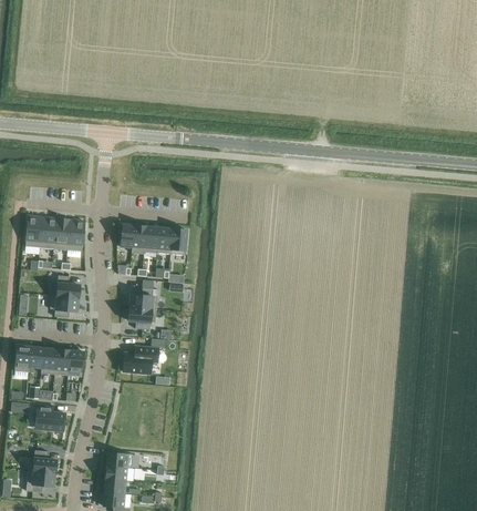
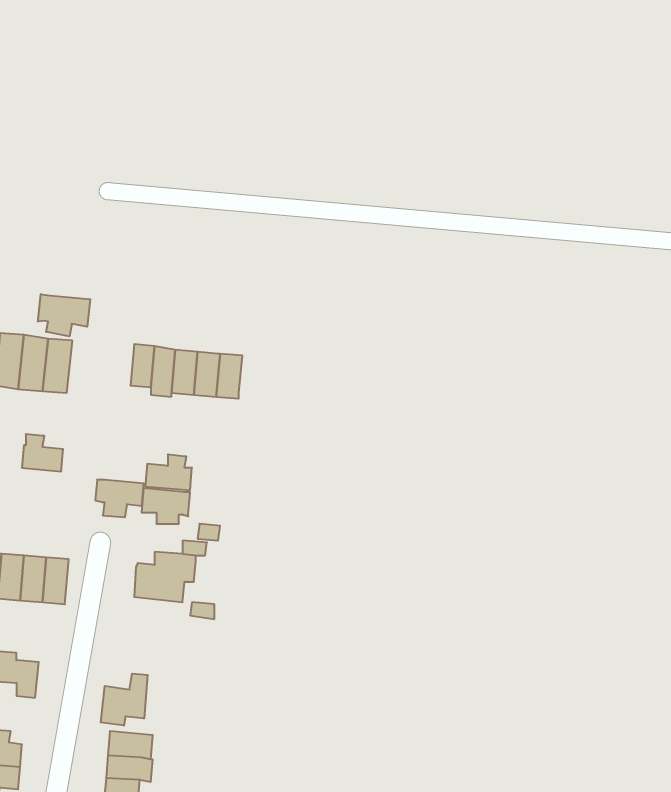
building: none -> [38,294,90,336]
building: [51,296,80,318] -> [95,480,144,517]
building: none -> [101,674,148,726]

